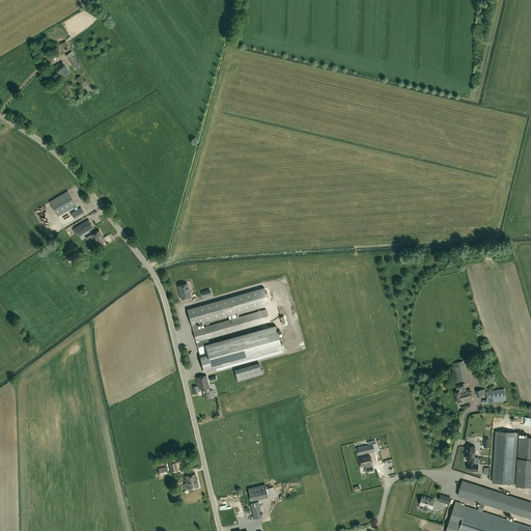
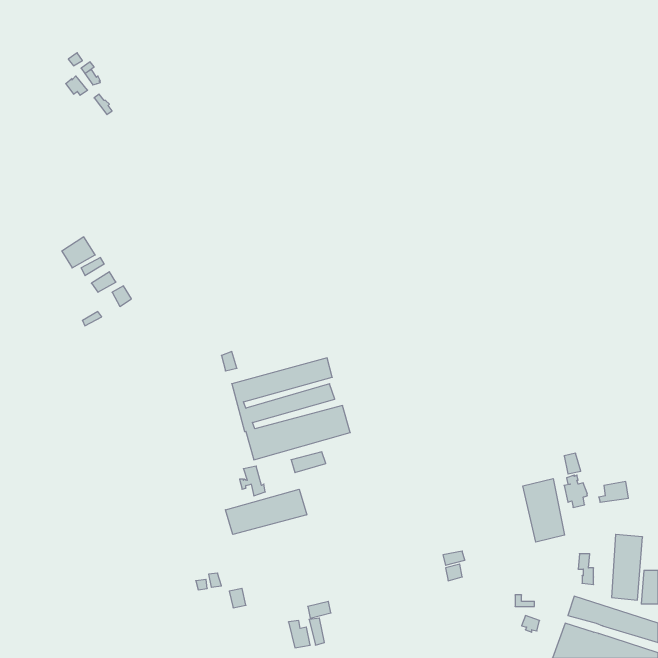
building: none -> [523,479,565,542]
building: none -> [225,489,307,534]

